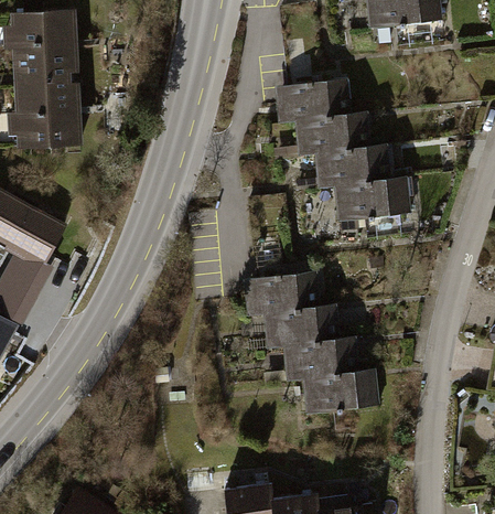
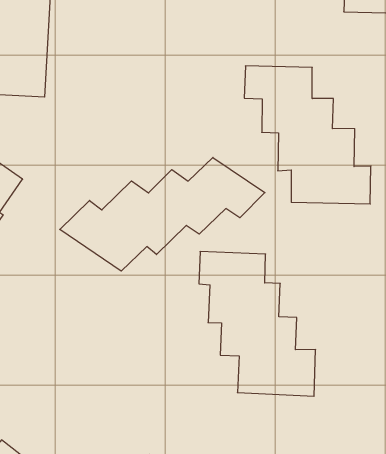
building: none -> [60,157,265,271]

